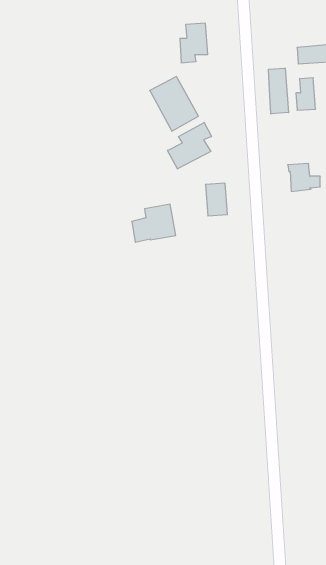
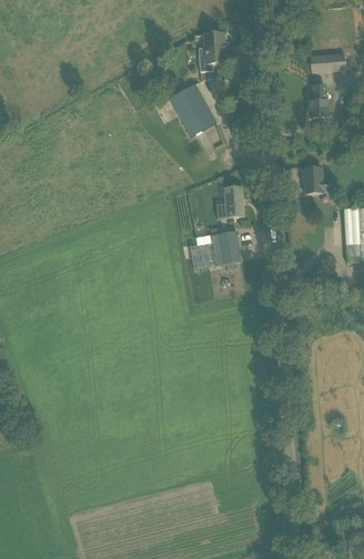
building: [269,68,289,114] -> none
building: [167,122,211,169] -> none
building: [132,204,176,242] -> [198,230,240,266]

